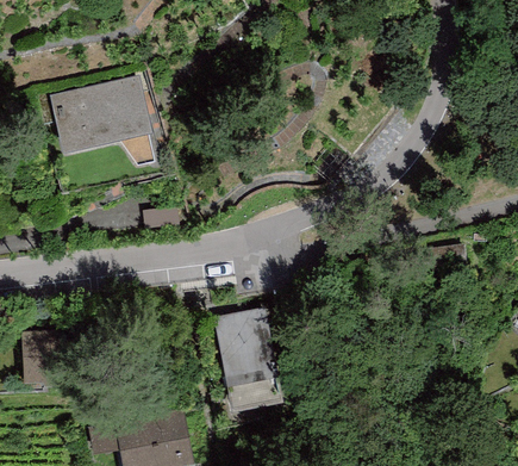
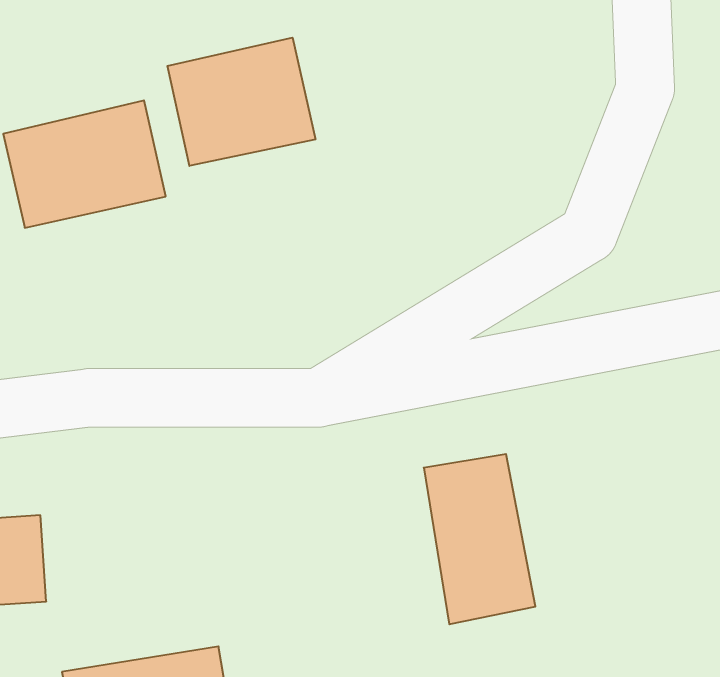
building: none -> [167,38,315,166]
building: [216,309,283,412] -> [424,454,535,624]

